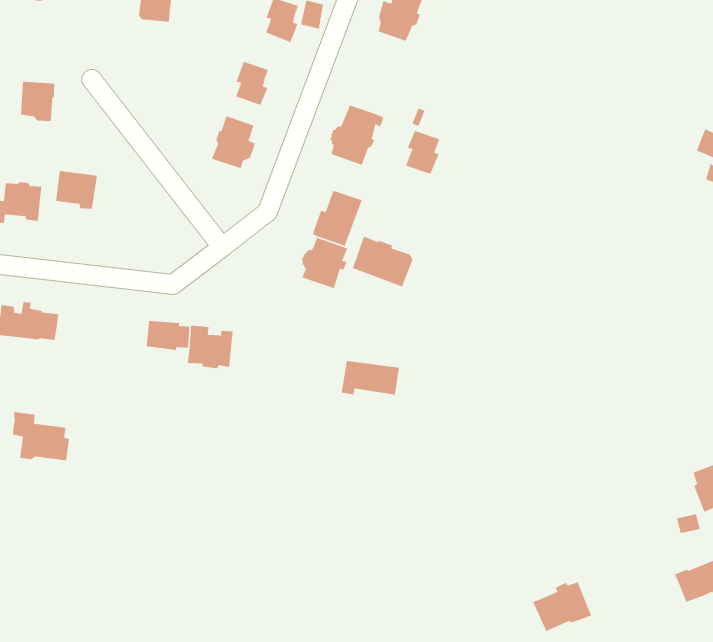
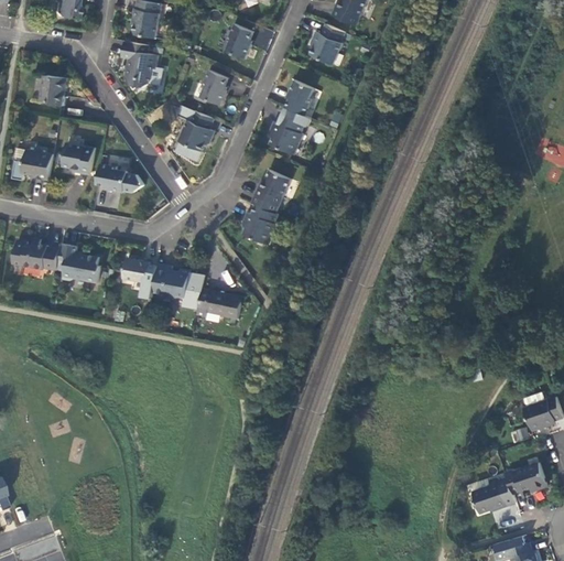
building: none -> [121,42,163,90]
building: [405,130,440,175] -> [285,82,313,116]
building: none -> [96,164,127,193]
building: [352,235,413,288] -> none
building: [341,360,400,396] -> [196,290,241,319]
building: [12,411,70,461] -> [57,244,100,283]
building: [532,581,592,632] -> [471,478,516,515]

